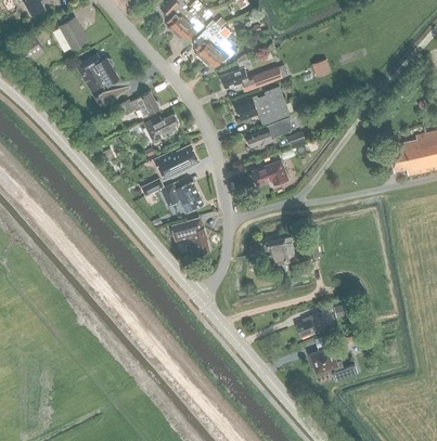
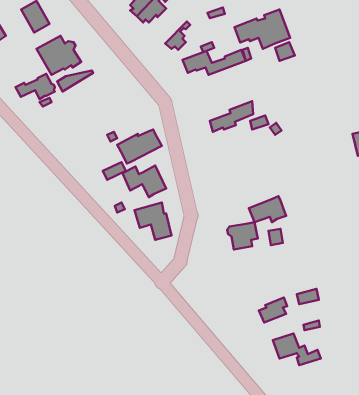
building: [193,22,223,60] -> none
building: [234,87,290,126] -> [235,10,290,49]
building: [119,91,158,116] -> [16,74,55,99]
building: [143,114,179,141] -> none
building: [250,159,287,185] -> [249,196,286,222]

